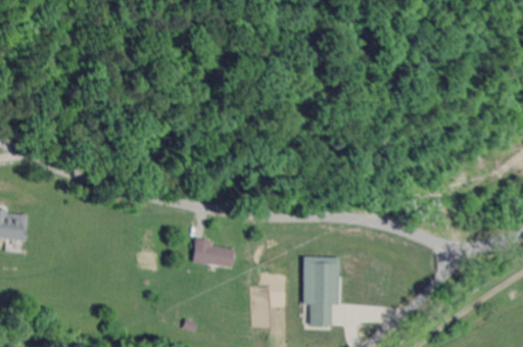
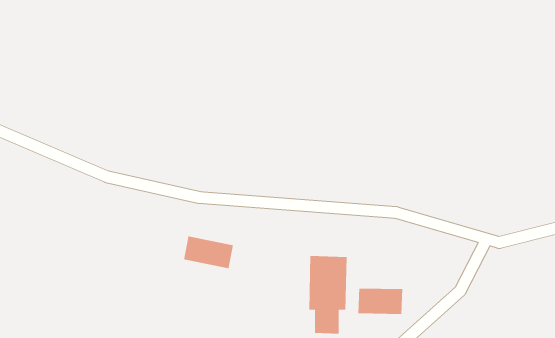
building: none -> [358,288,403,315]

